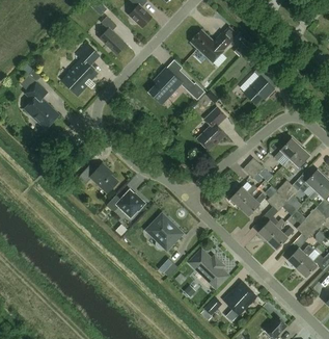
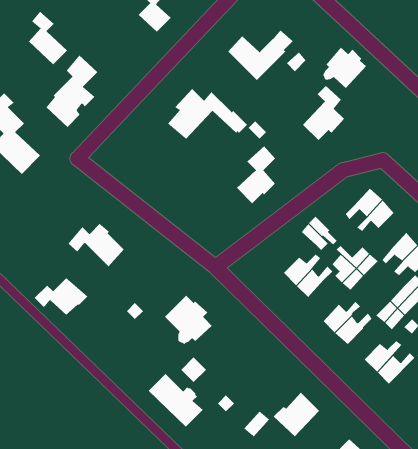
building: [98,16,126,54] -> [28,11,68,65]
building: none -> [322,47,367,89]
building: [107,189,145,216] -> [34,277,88,315]
building: [188,249,227,287] -> [148,373,204,427]

